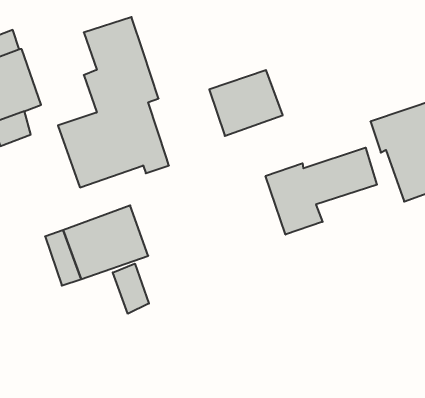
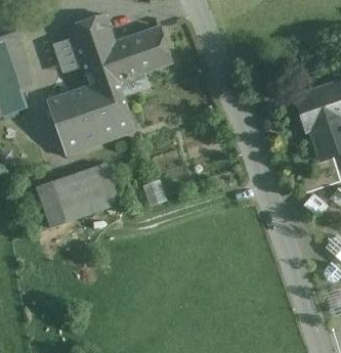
building: [209,70,283,136] -> [115,27,173,79]
building: [266,148,377,235] -> none
building: [113,264,149,314] -> none

